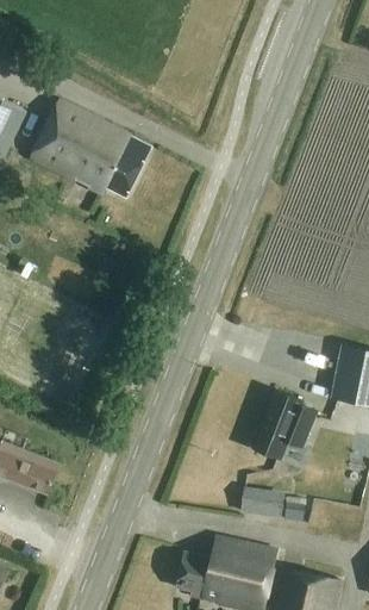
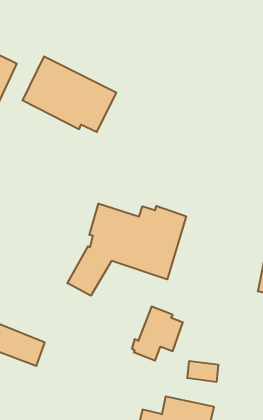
building: none -> [67,204,186,296]
building: [254,390,319,459] -> [132,307,183,361]

